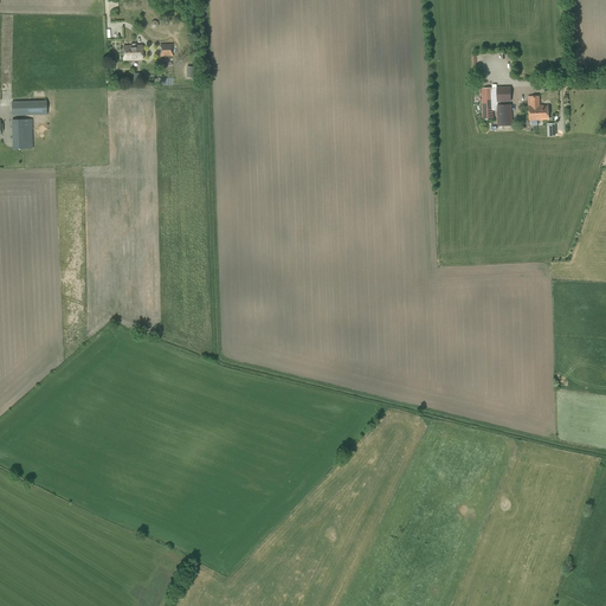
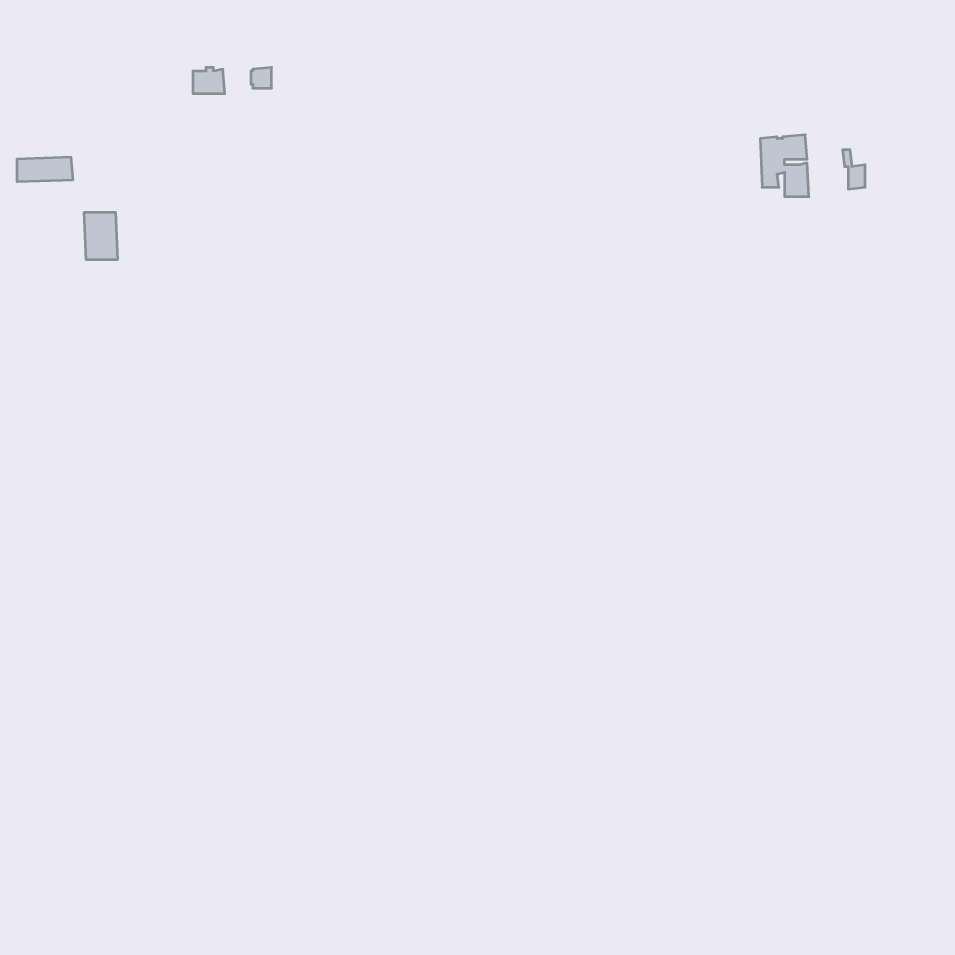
building: [11,118,32,148] -> [84,213,118,259]

